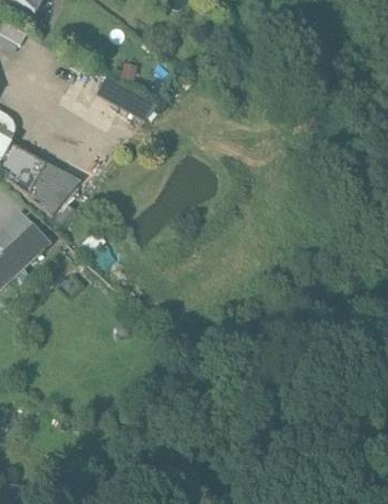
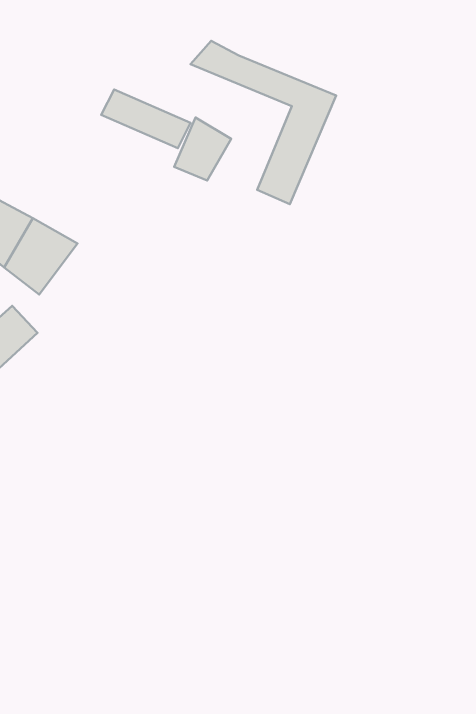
building: none -> [190,41,336,204]
building: none -> [174,118,231,181]

